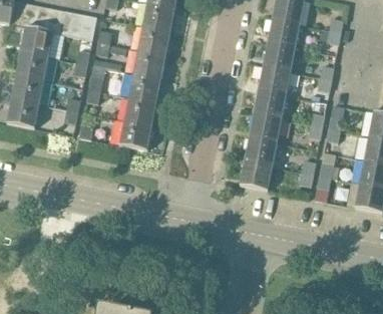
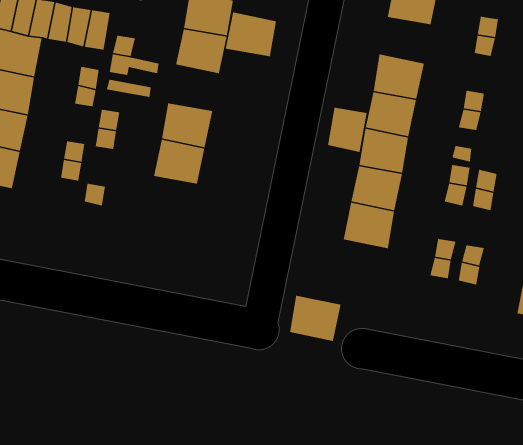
building: [267,18,300,47] -> none
building: [132,48,165,77] -> [225,11,277,57]
building: none -> [327,107,368,153]
building: [119,119,151,149] -> none
building: [240,160,273,190] -> [289,295,341,342]

